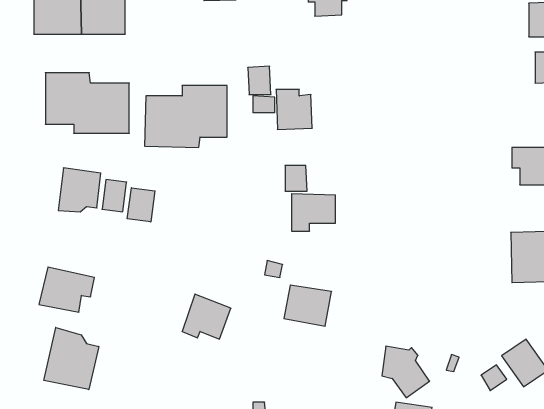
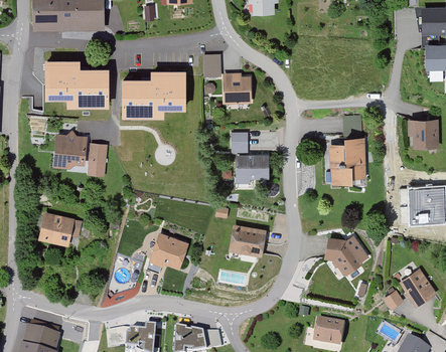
building: none -> [329,115,365,183]
building: [127,188,155,222] -> none
building: [44,327,99,390] -> none
building: [382,346,430,398] -> [325,235,362,276]

